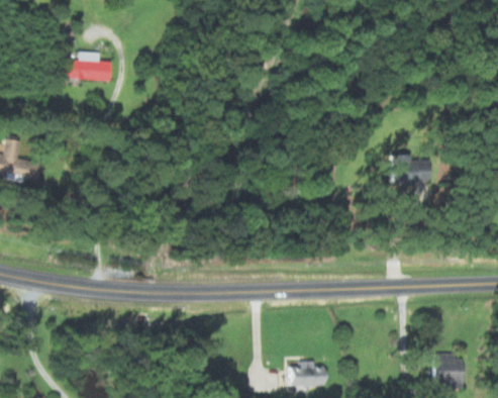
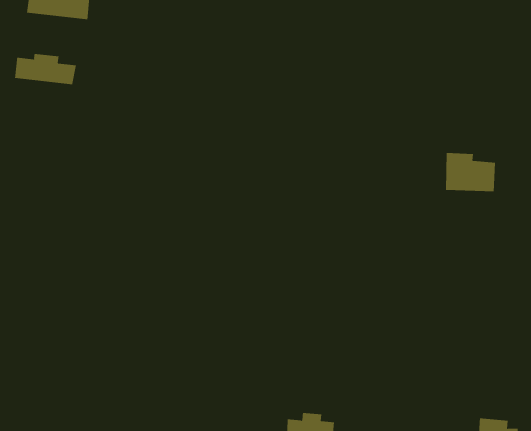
building: none -> [15,53,77,85]

